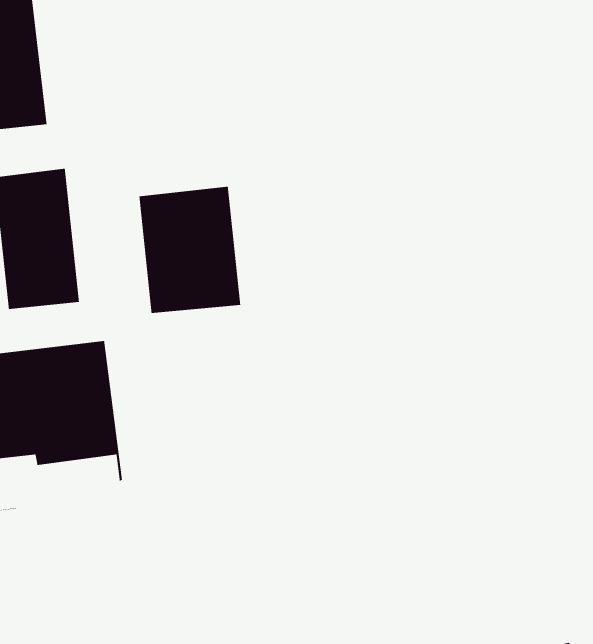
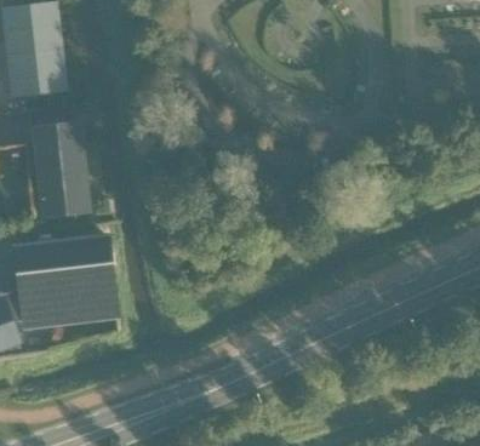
building: [139,186,241,314] -> none

